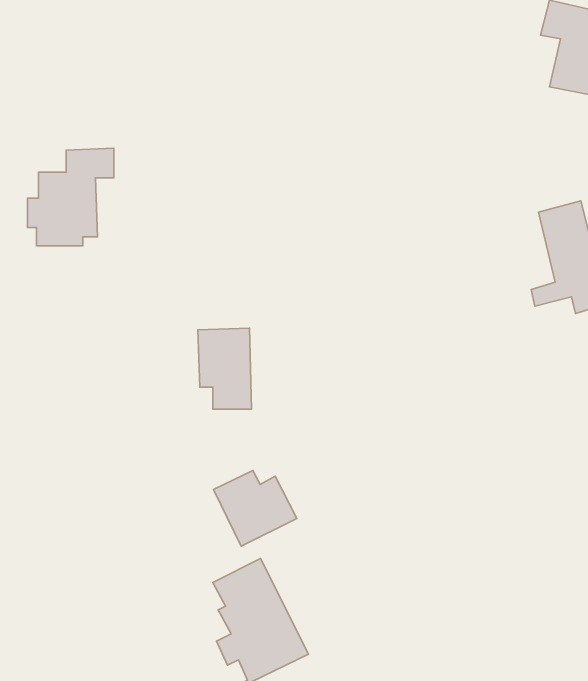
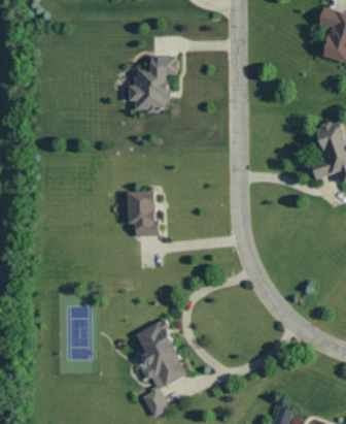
building: [27,148,114,246] -> [129,57,177,111]
building: [213,470,297,546] -> none

